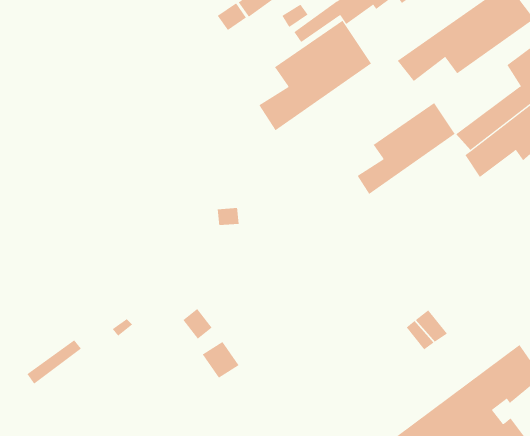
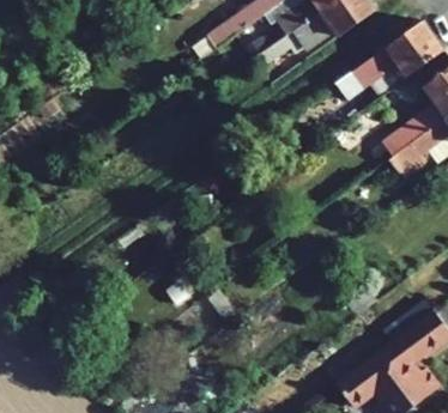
building: [259,20,372,131] -> none
building: [357,102,455,195] -> none

